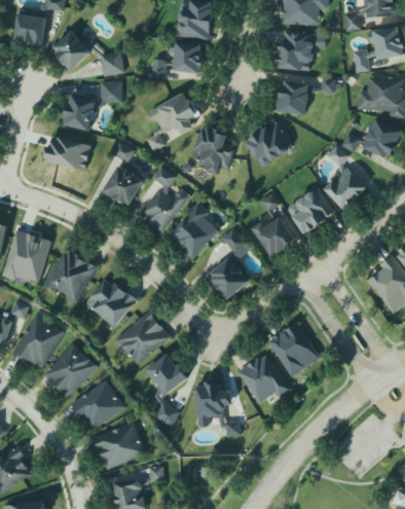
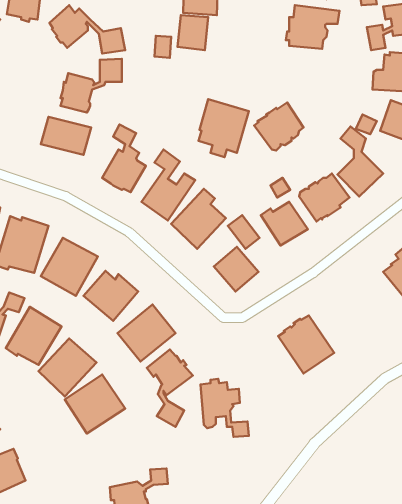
building: [277,76,340,115] -> none
building: [146,92,197,151] -> none
building: [237,356,292,403] -> none
building: [94,422,146,470] -> none

